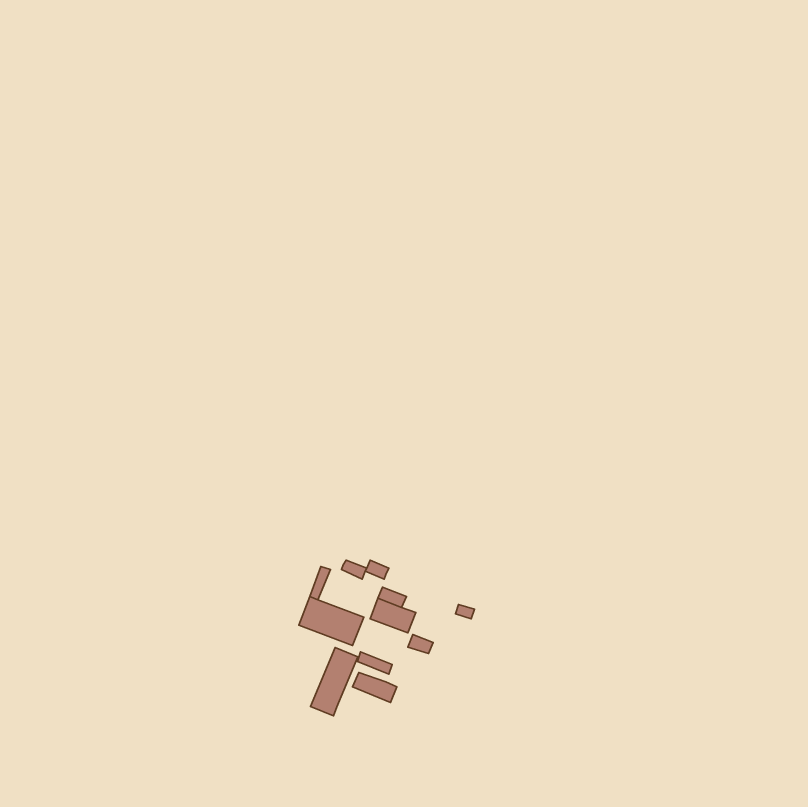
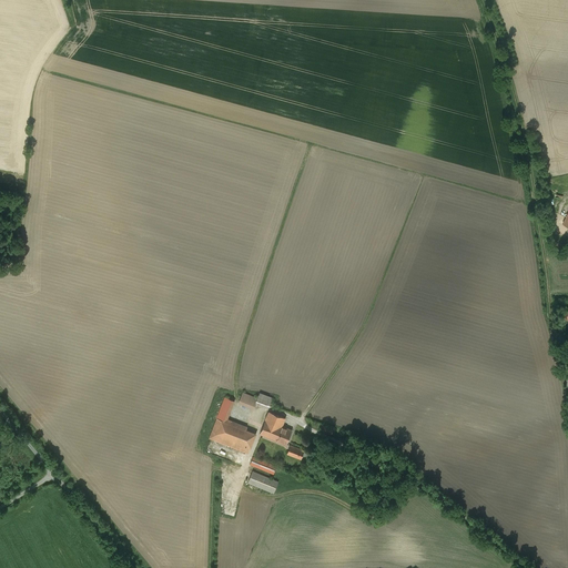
building: [310,647,358,716] -> none

